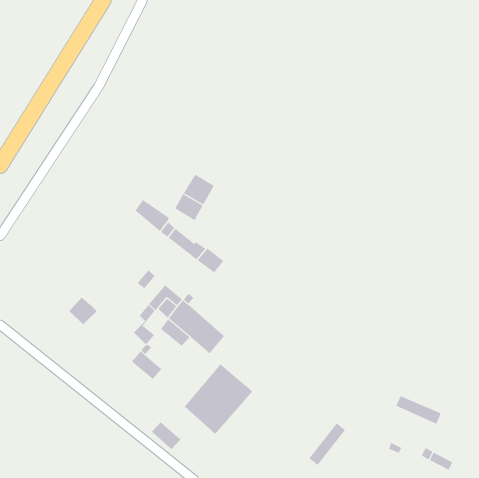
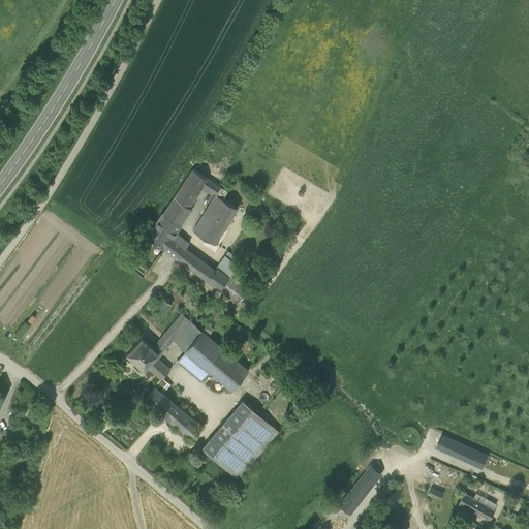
building: none -> [157,162,223,232]
building: [69,297,98,325] -> [127,340,159,371]
building: [151,422,181,450] -> [168,408,201,439]

